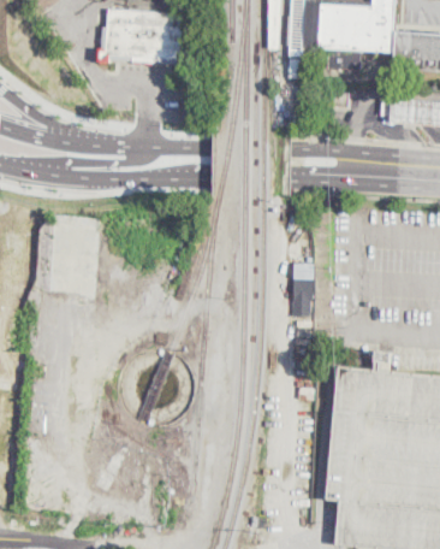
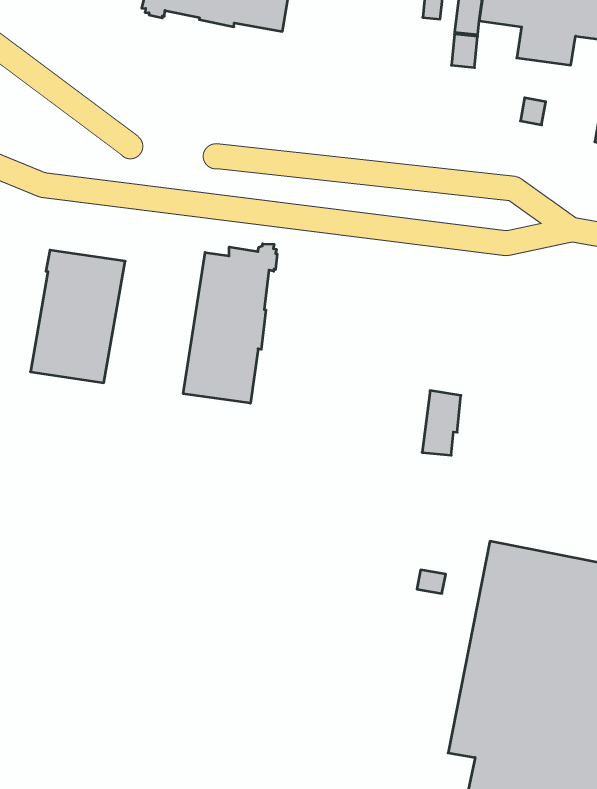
building: none -> [183,244,277,403]

